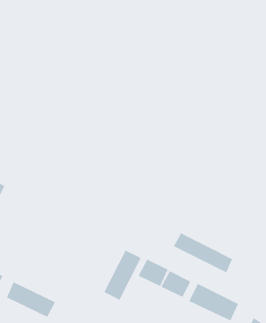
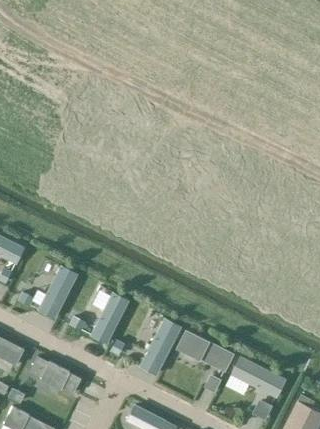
building: none -> [35,266,78,322]
building: none -> [87,291,129,347]
building: [173,232,233,273] -> none

